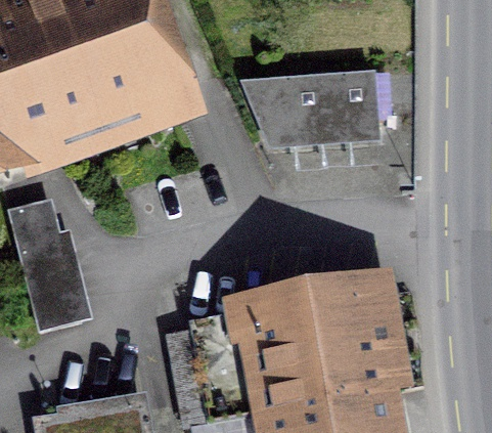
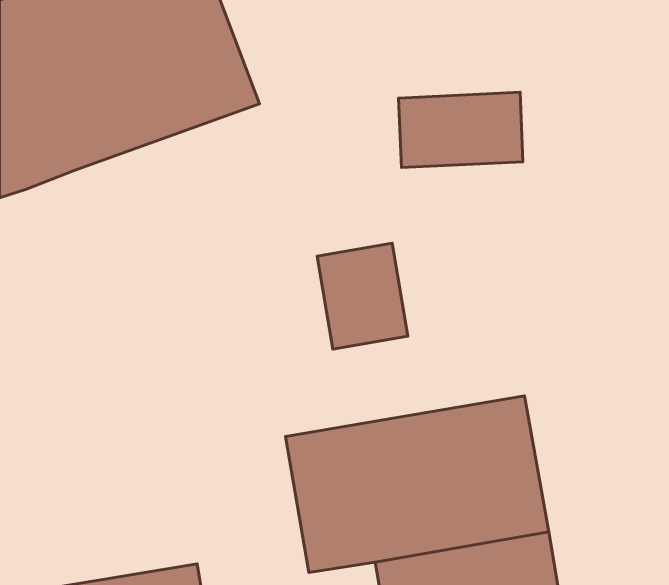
building: none -> [317,243,408,349]
building: [13,204,88,329] -> none

